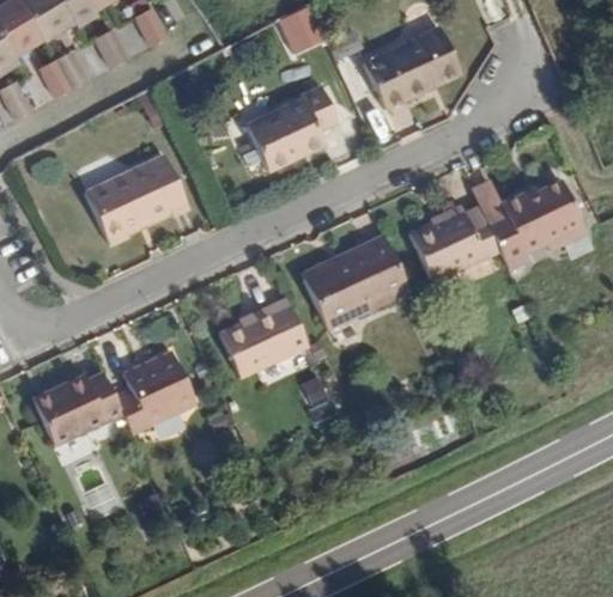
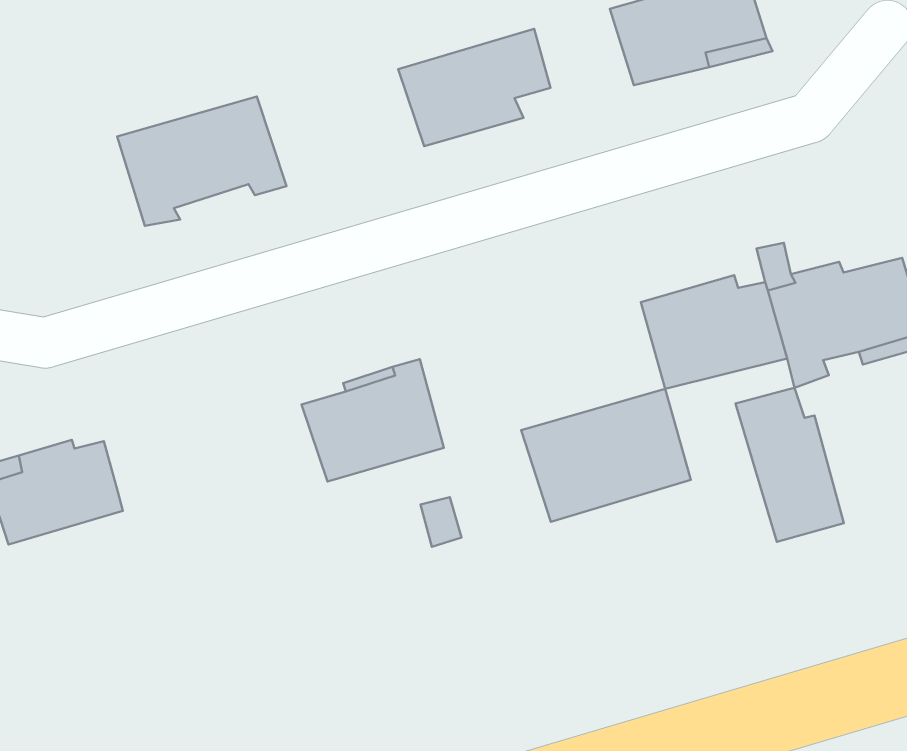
building: [302,238,407,328] -> [521,389,691,522]
building: none -> [735,388,844,542]
building: [119,352,199,431] -> none

